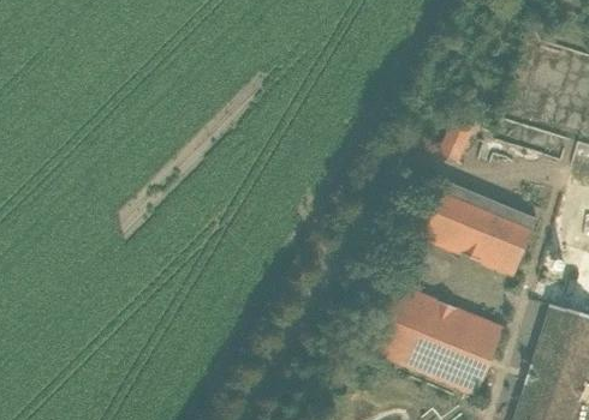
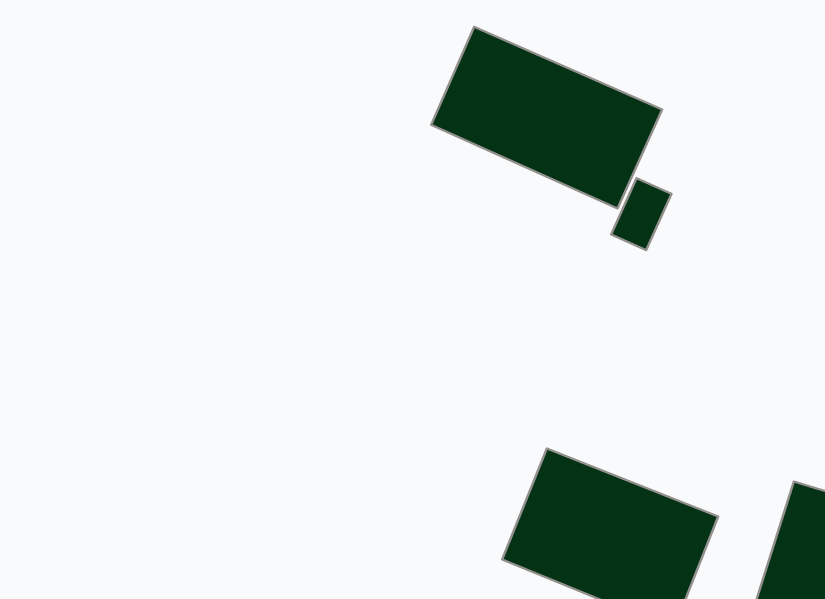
building: none -> [431,27,662,208]
building: [410,176,537,276] -> none

